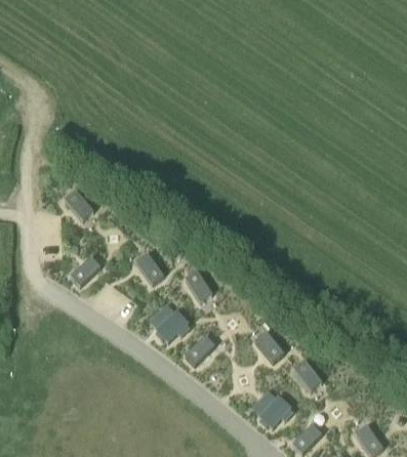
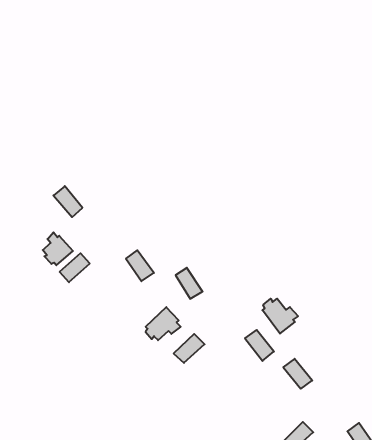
building: none -> [43,232,73,265]
building: none -> [262,299,298,334]
building: [258,394,293,428] -> none

